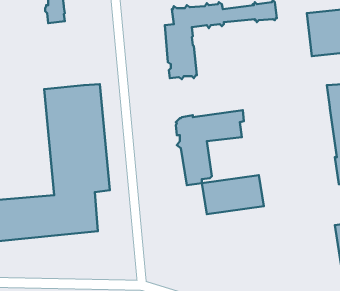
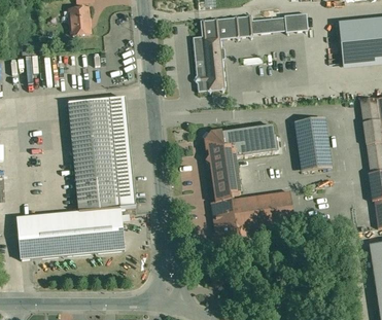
building: none -> [294,116,332,170]
building: none -> [210,199,236,234]

